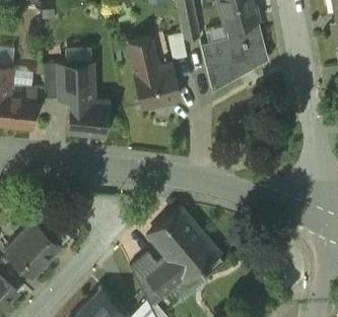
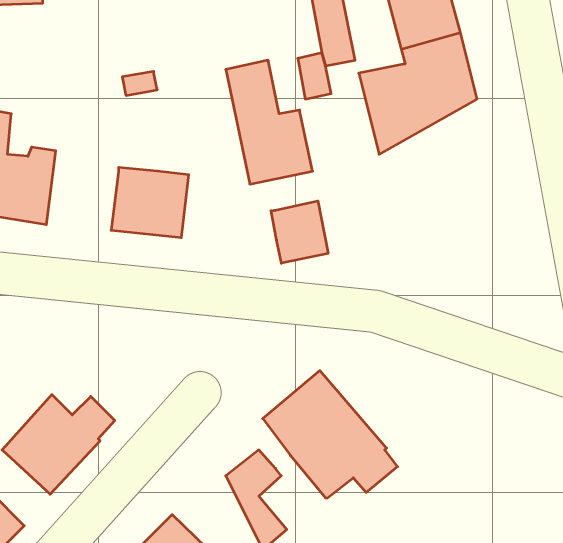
building: [42,65,90,101] -> none
building: none -> [271,201,328,263]
building: [146,256,183,297] -> none

